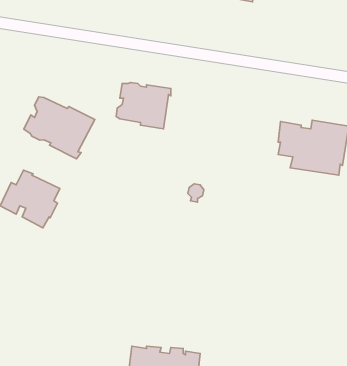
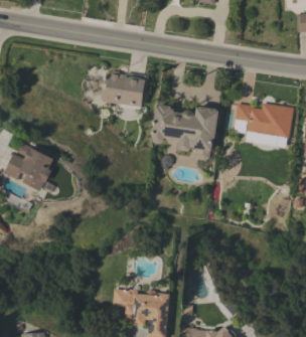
building: [24,97,95,159] -> none
building: none -> [151,104,219,160]

